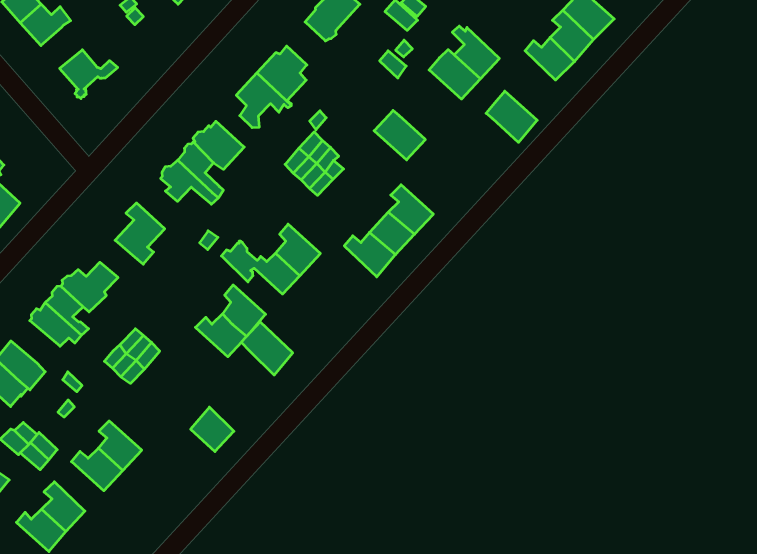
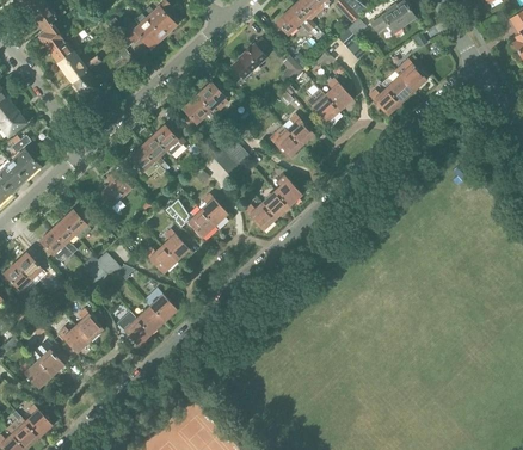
building: none -> [61,54,101,81]
building: [486,91,537,142] -> [282,112,314,146]
building: [241,322,293,375] -> [144,286,177,321]
building: none -> [116,310,150,345]

